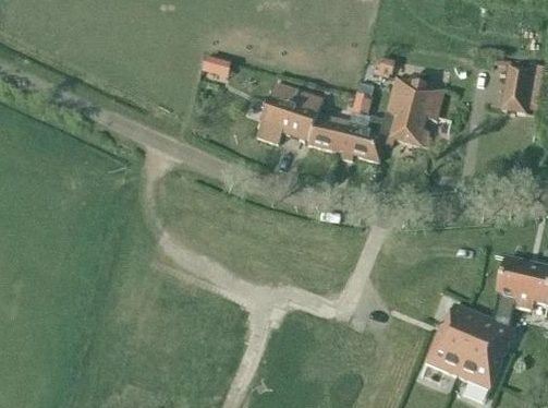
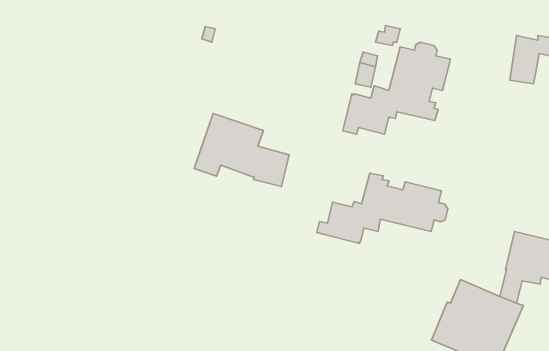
building: [256,82,349,153] -> [194,114,289,186]
building: none -> [317,173,448,243]

